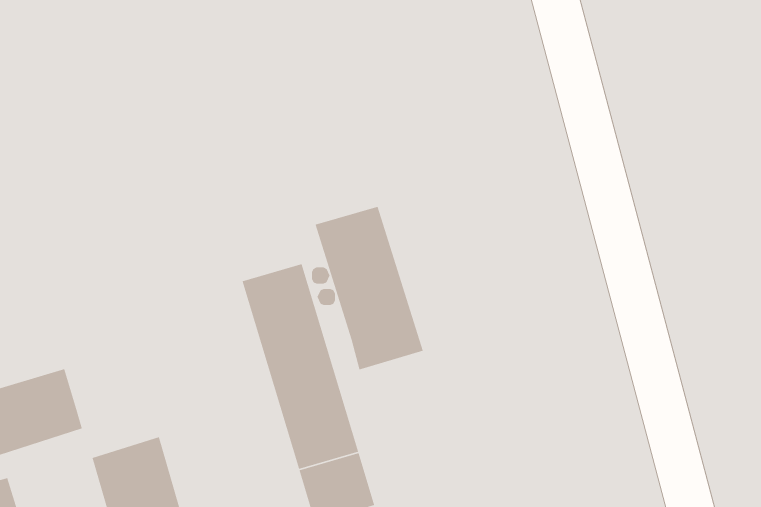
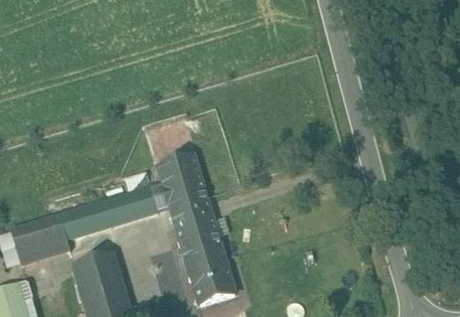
building: [315,206,424,371] -> none
building: none -> [58,187,157,239]

